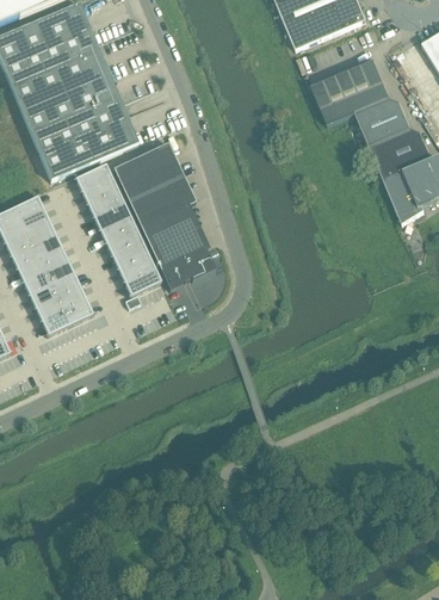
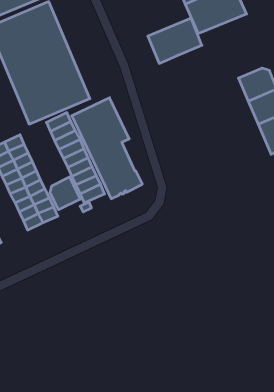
building: [310,60,389,125] -> [148,18,202,63]
building: none -> [50,177,80,210]

